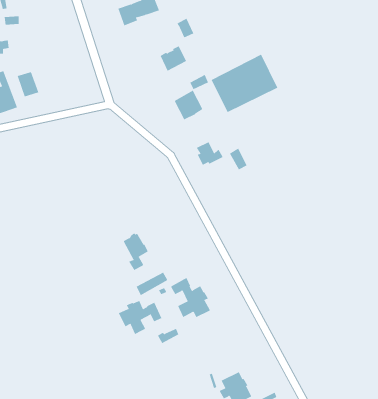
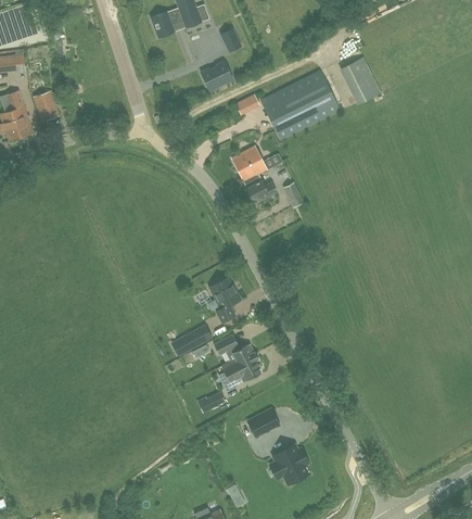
building: none -> [341,59,379,103]
building: [174,90,203,120] -> [231,145,266,181]
building: [123,233,149,271] -> [209,277,240,321]
building: [118,300,162,335] -> none
building: none -> [247,409,279,438]

